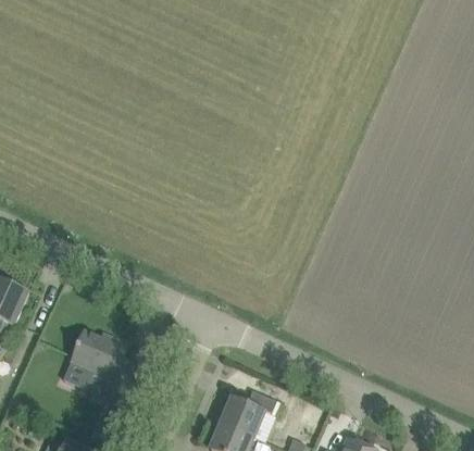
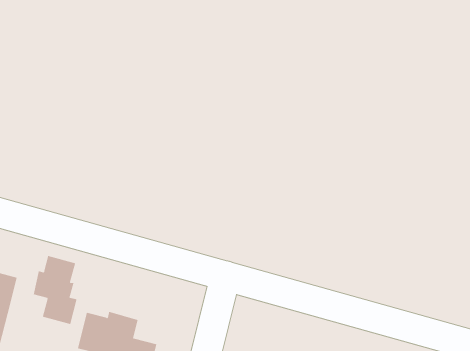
building: none -> [33,255,77,325]

